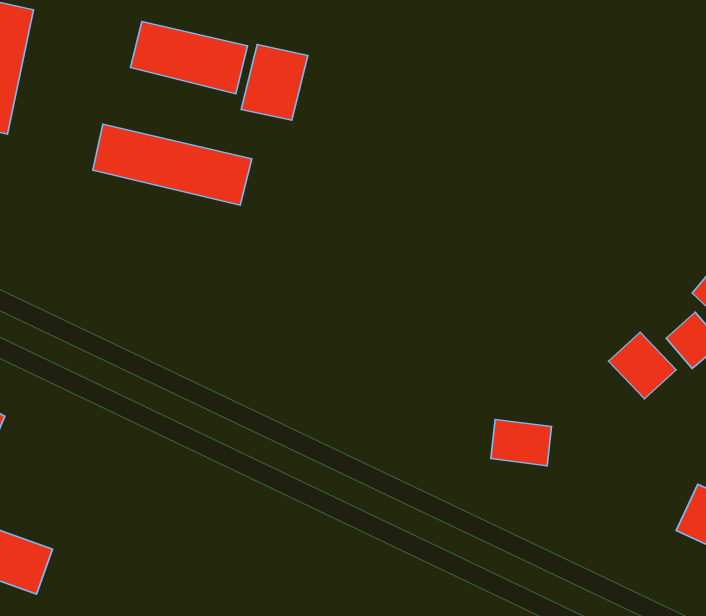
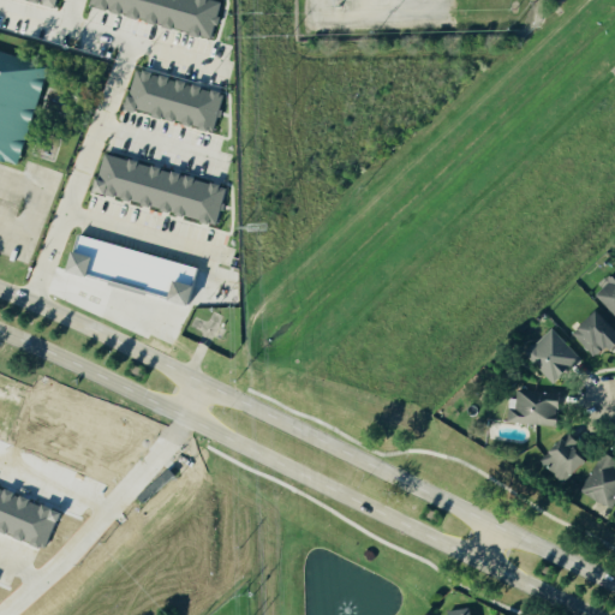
building: [241,45,308,120] -> none
building: none -> [66,234,195,305]
building: [491,419,551,466] -> [503,389,554,428]
building: none -> [541,432,591,483]

